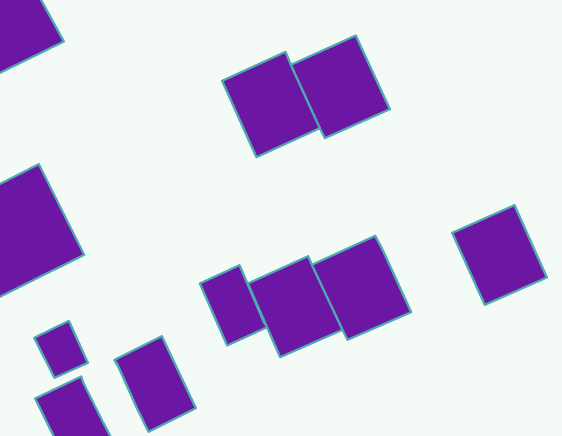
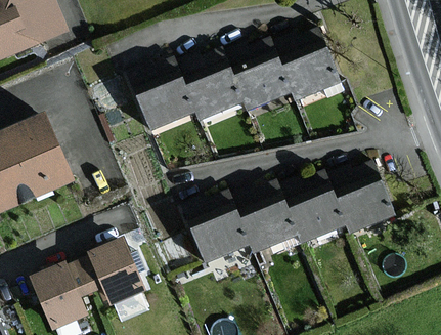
building: none -> [273,34,337,102]
building: none -> [129,61,192,130]
building: none -> [278,172,344,242]
building: [200,265,267,345] -> none
building: [34,321,88,378] -> [67,259,102,298]

